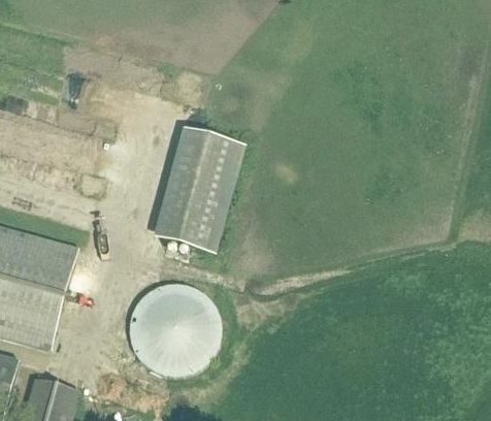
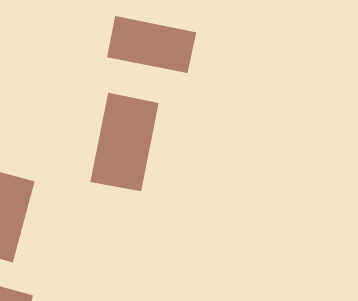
building: none -> [106,15,197,74]
building: [131,284,220,375] -> none

